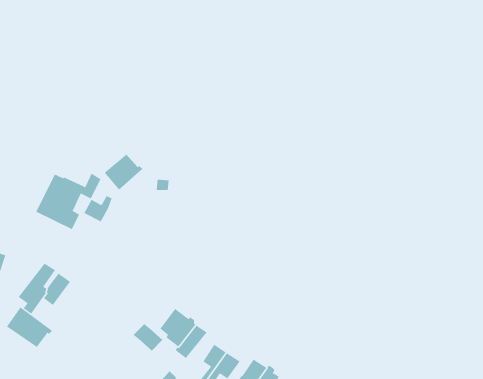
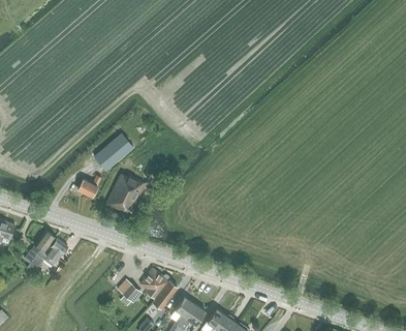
building: [35,173,101,230] -> [105,172,159,218]
building: [6,307,53,348] -> none

